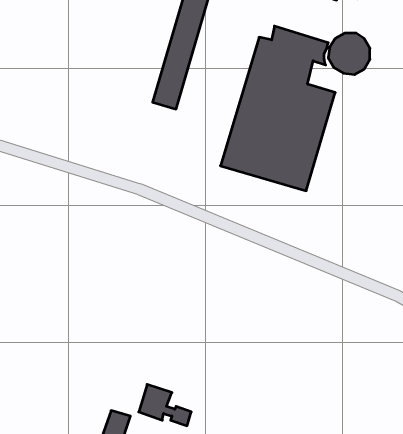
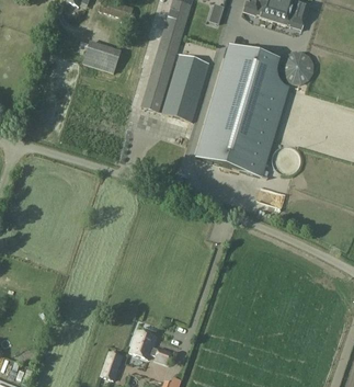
building: none -> [76,39,117,72]
building: none -> [161,54,208,122]

